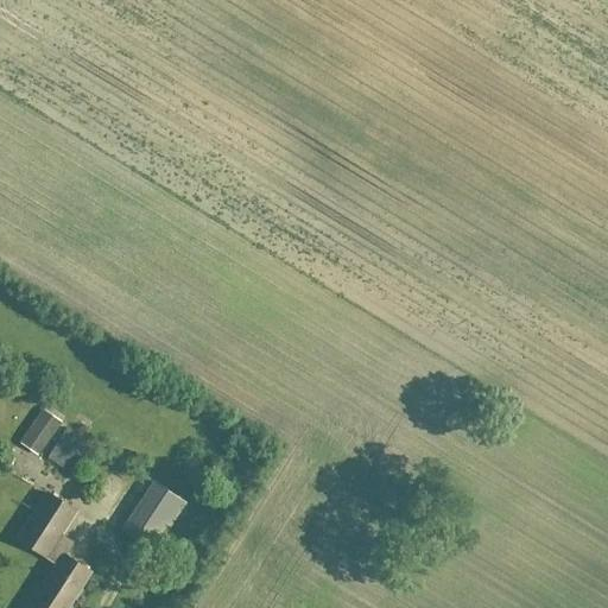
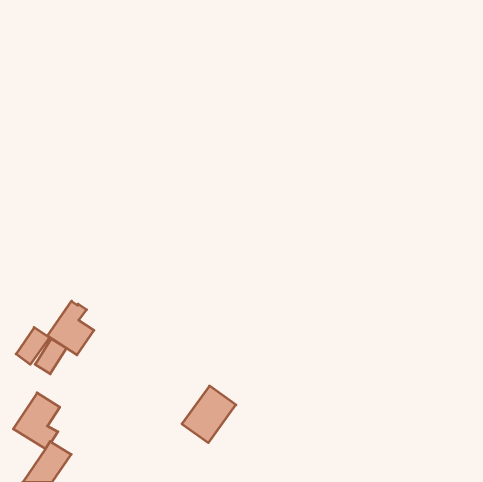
building: none -> [47,301,94,355]
building: [119,484,186,556] -> [182,386,236,443]

